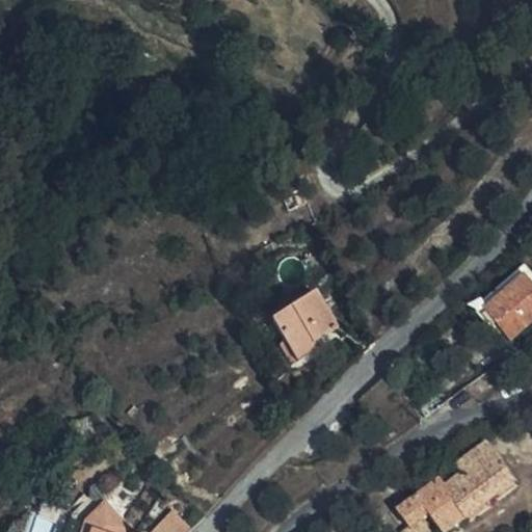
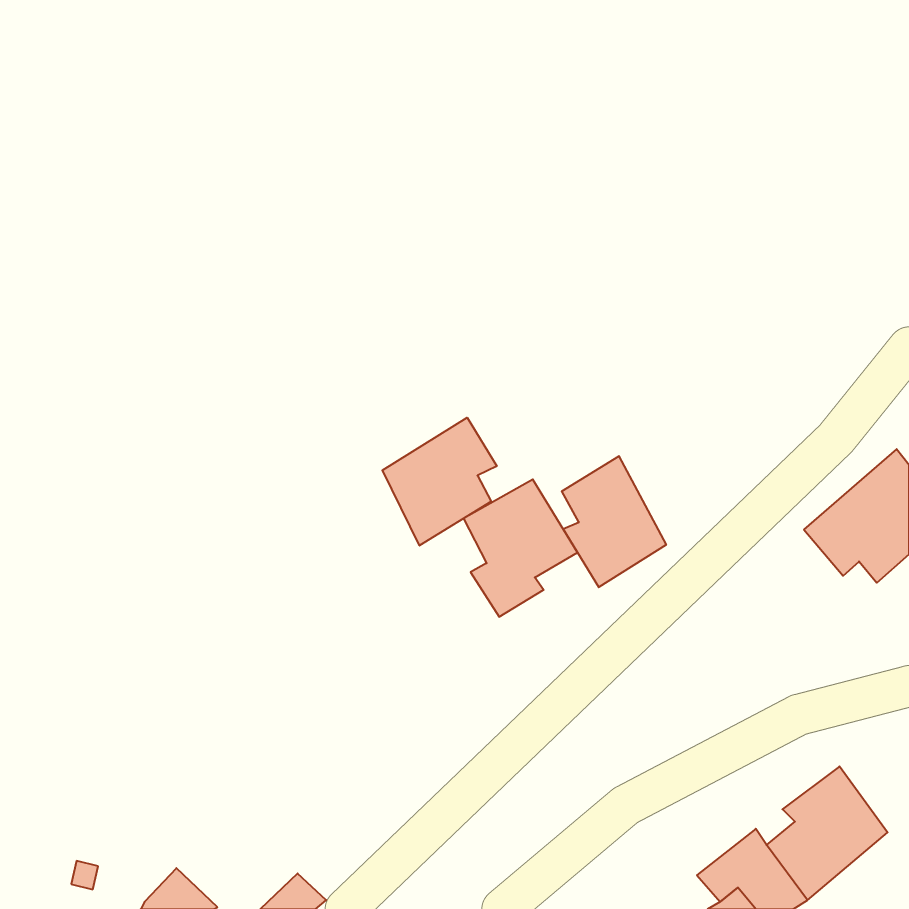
building: none -> [382,418,497,546]
building: none -> [562,456,666,587]

